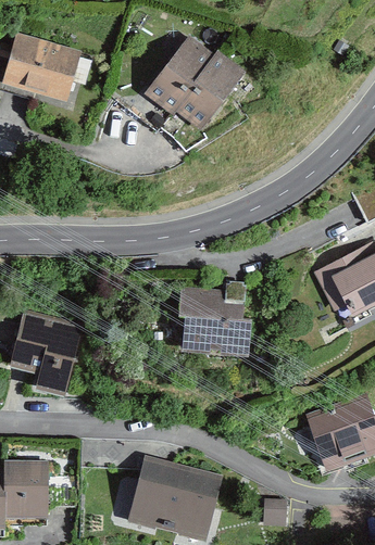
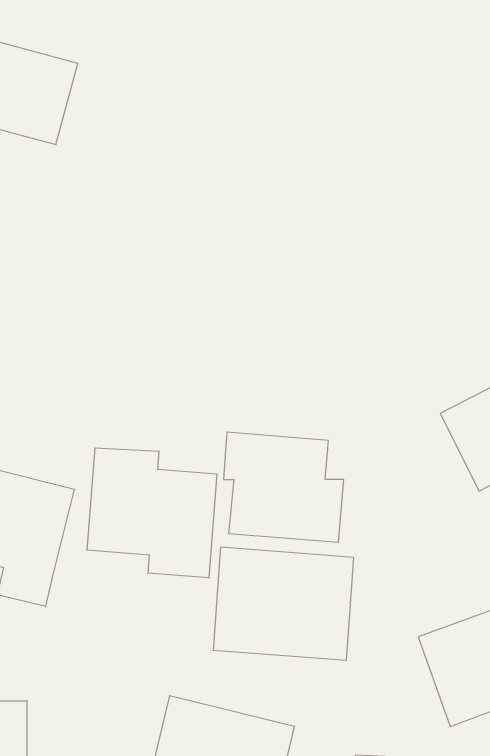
building: [143,35,243,126] -> none
building: none -> [87,448,217,578]
building: none -> [213,547,354,661]

